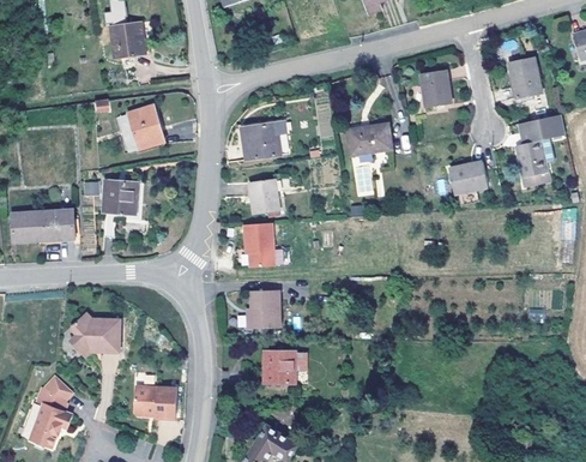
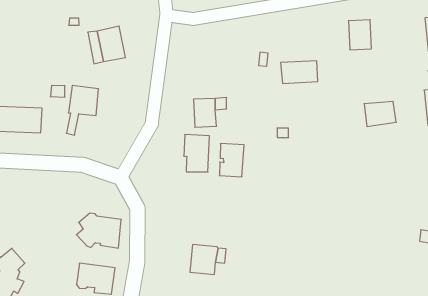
building: [241,121,285,158] -> none
building: [250,290,279,329] -> [219,144,244,177]
building: [68,316,119,355] -> [76,213,121,248]

